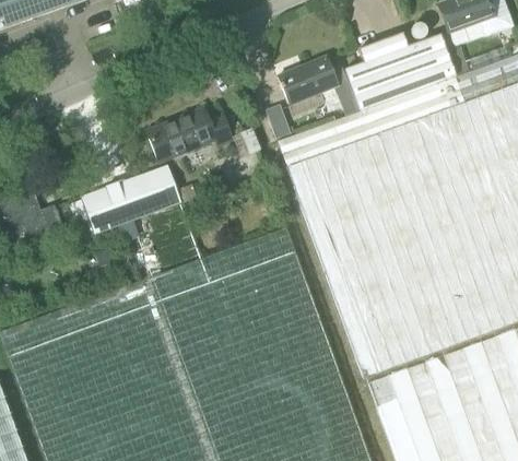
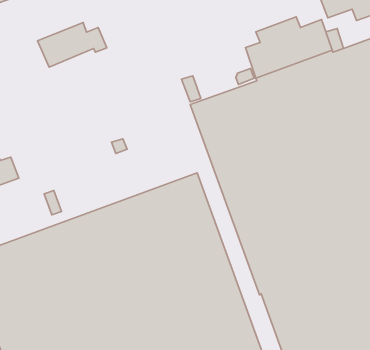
building: [279,58,339,107] -> none
building: [146,109,233,165] -> [38,22,107,67]
building: [70,167,181,247] -> none

